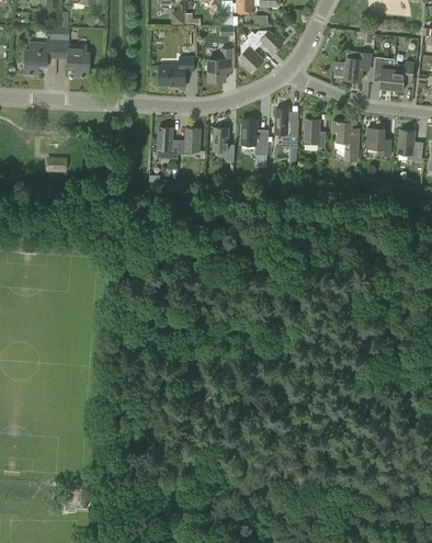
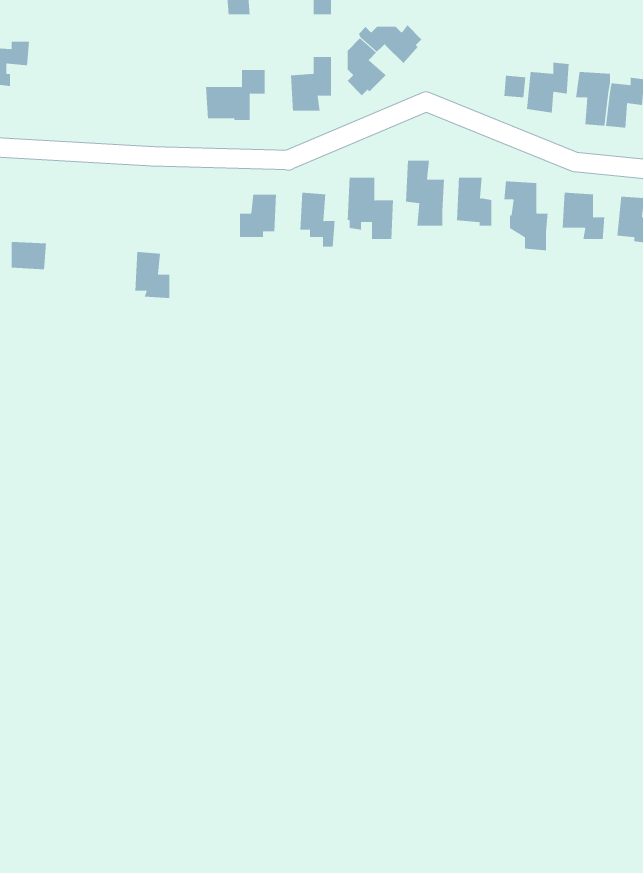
building: [55,27,88,76] -> none
building: [157,126,178,154] -> [134,251,170,299]

